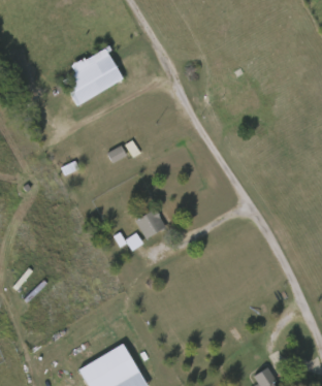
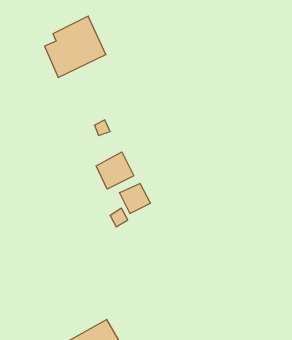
building: none -> [96,152,134,189]

